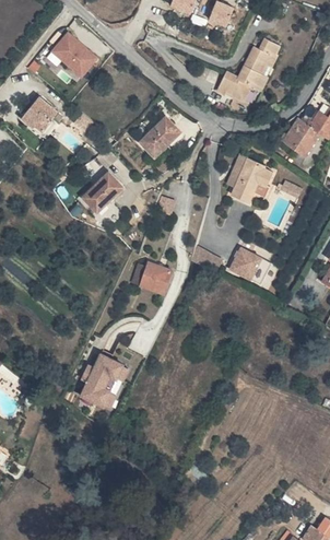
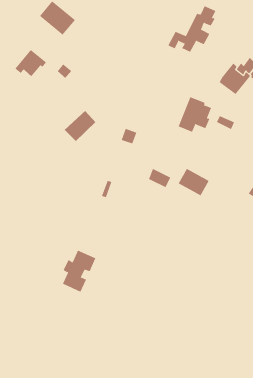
building: [139,118,180,160] -> none
building: [141,266,170,295] -> none

